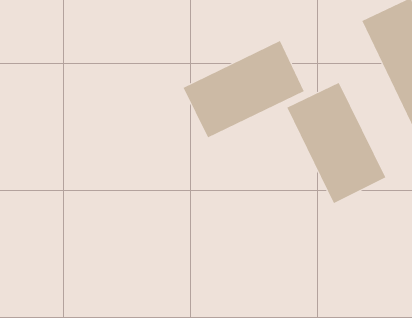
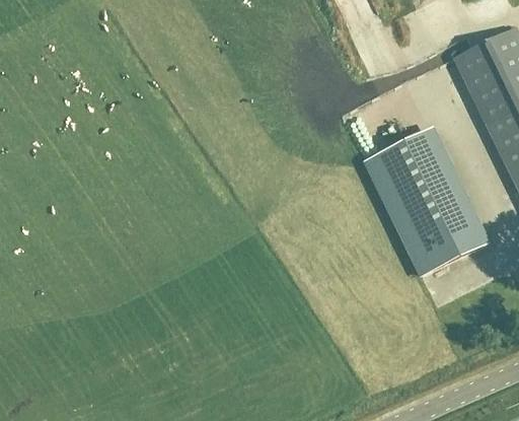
building: [183,40,305,138] -> none

